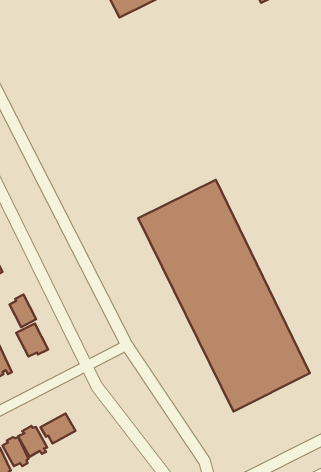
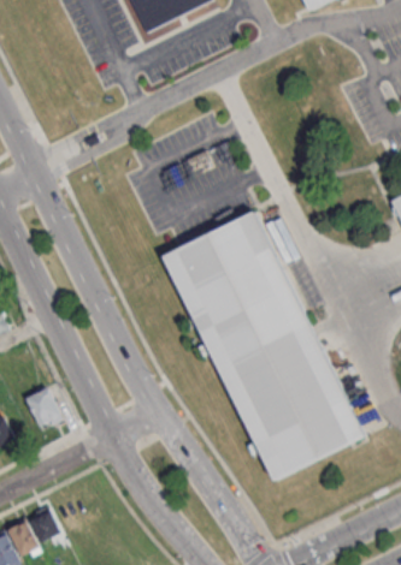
building: [10,294,36,327] -> none
building: [41,413,76,443] -> none

